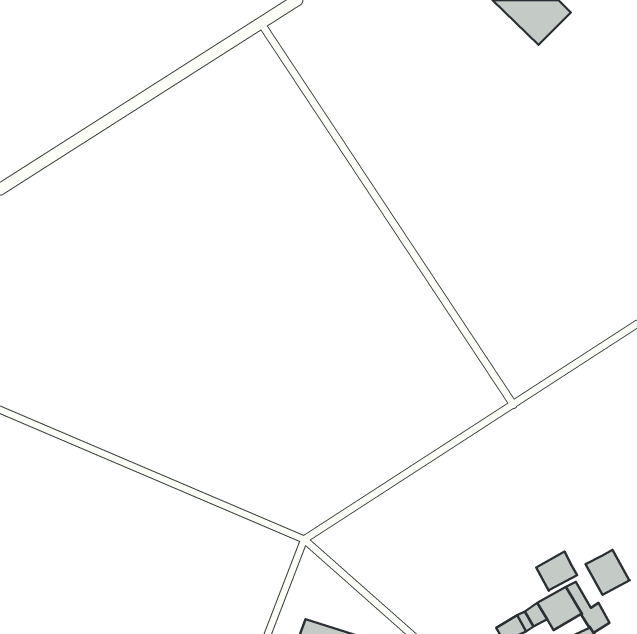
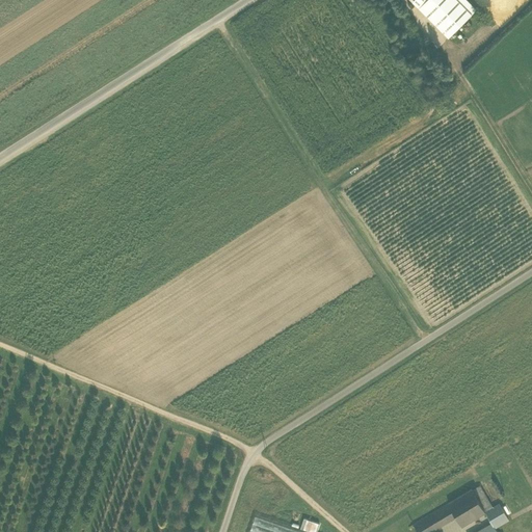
building: [585,550,630,595] -> none
building: [536,551,577,591] -> none

